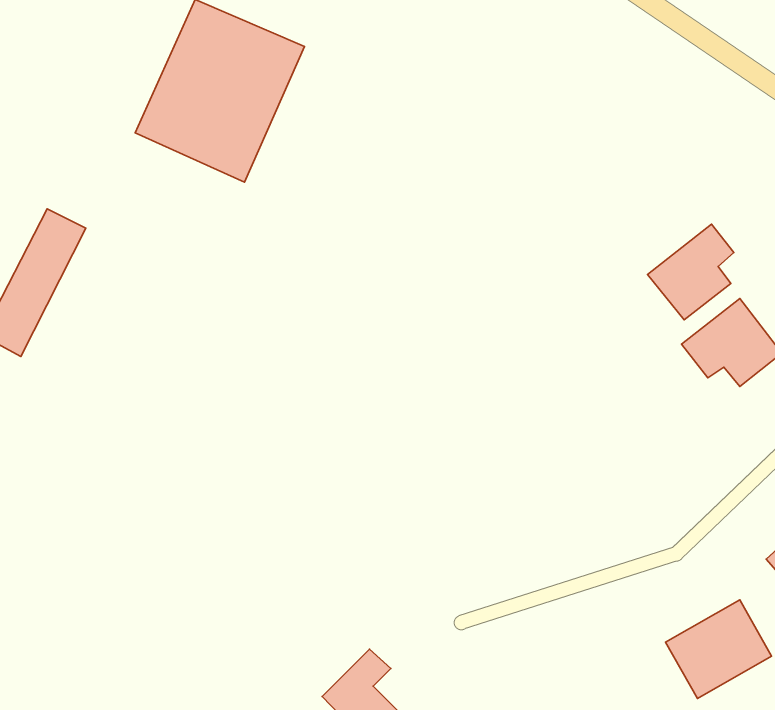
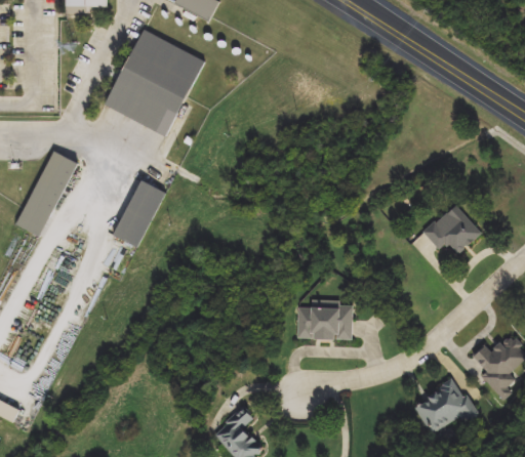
building: [648,224,734,320] -> none
building: none -> [113,179,164,247]
building: none -> [296,300,353,339]

